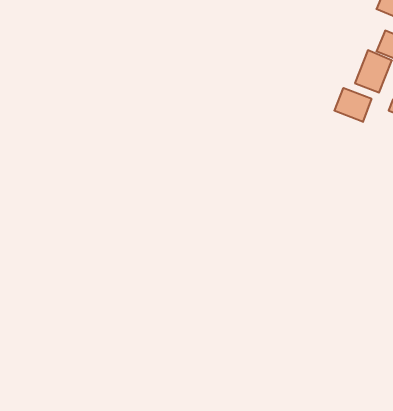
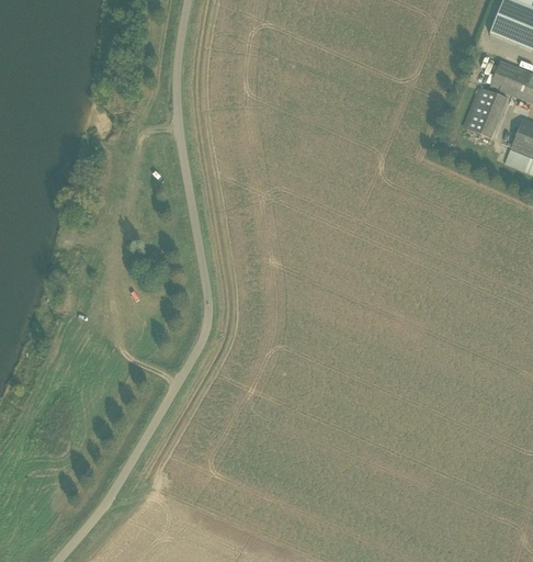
building: [334,88,371,122] -> none

